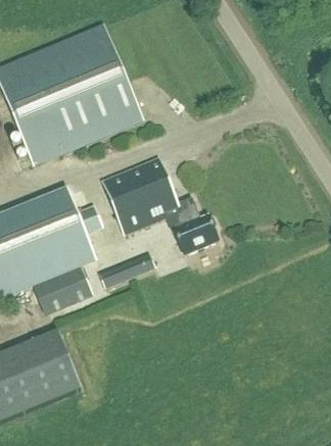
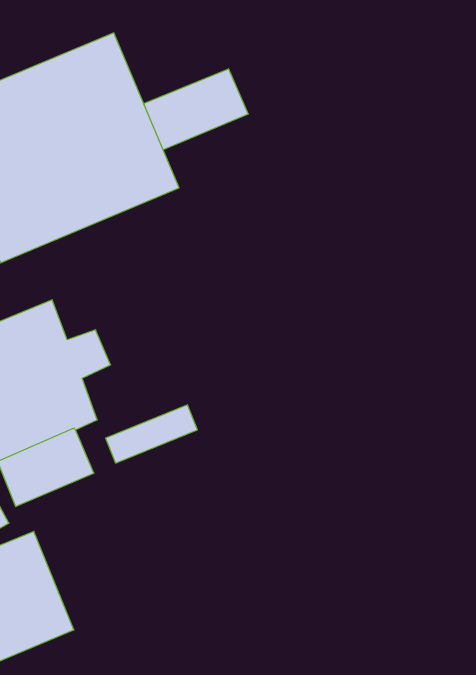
building: none -> [144,69,248,150]
building: [101,156,218,254] -> none

